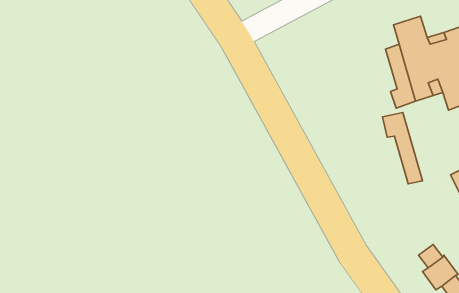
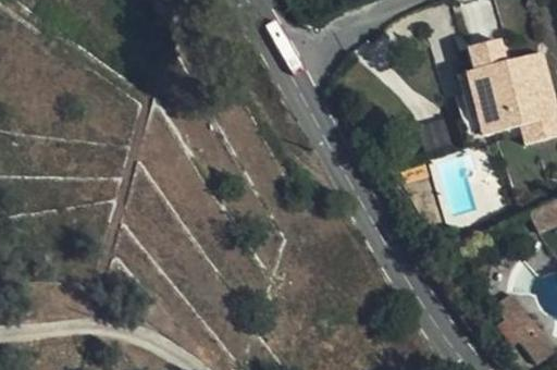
building: [382,112,423,184] -> none

